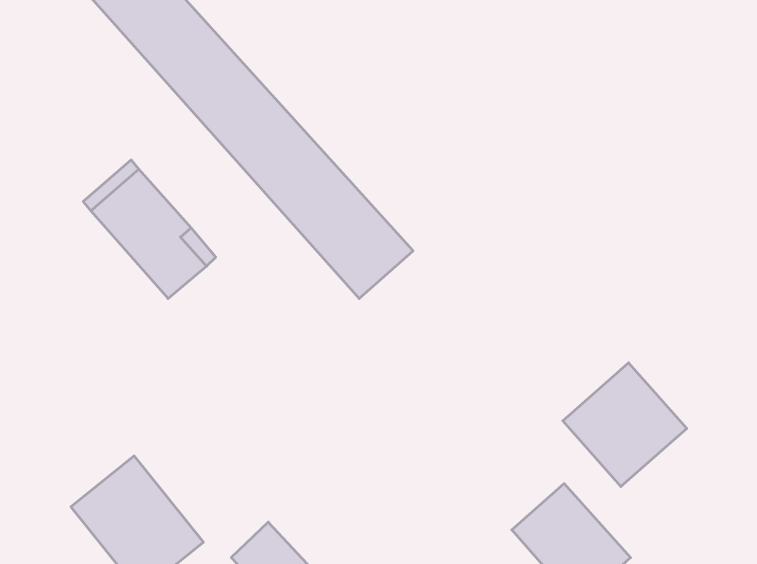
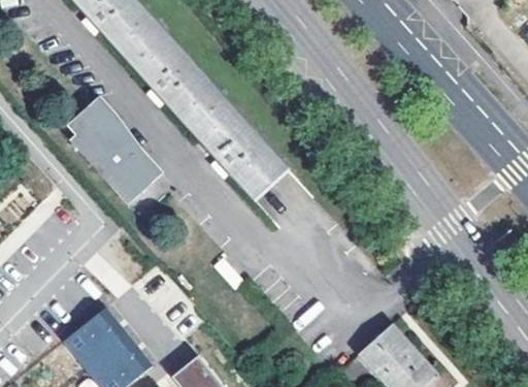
building: [563,363,687,487] -> none

